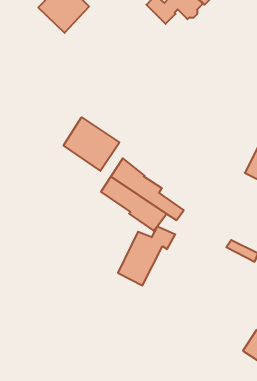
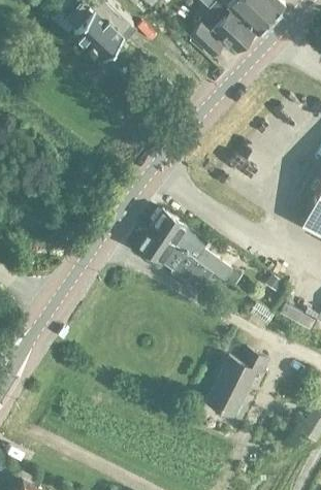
building: [64,117,119,171] -> none
building: [118,226,175,285] -> [205,351,270,418]

